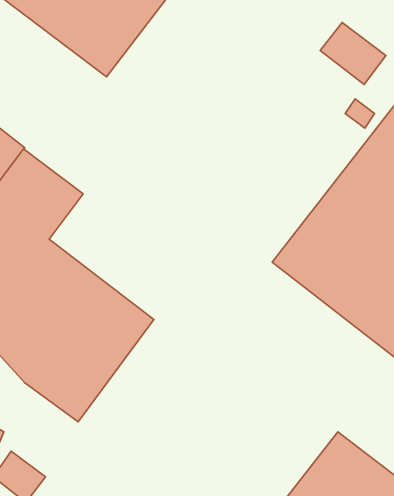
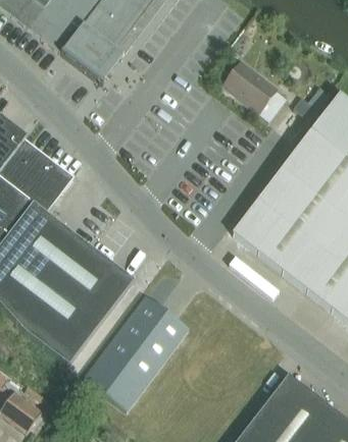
building: [320,22,386,85] -> [222,62,278,114]
building: none -> [84,295,189,410]

